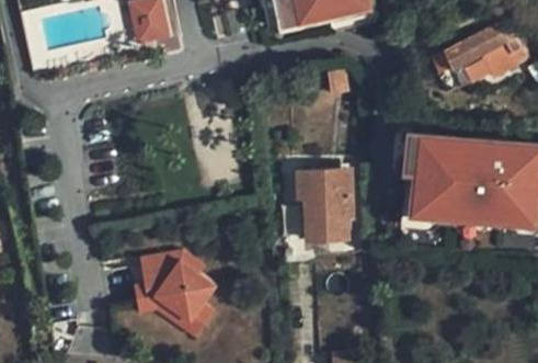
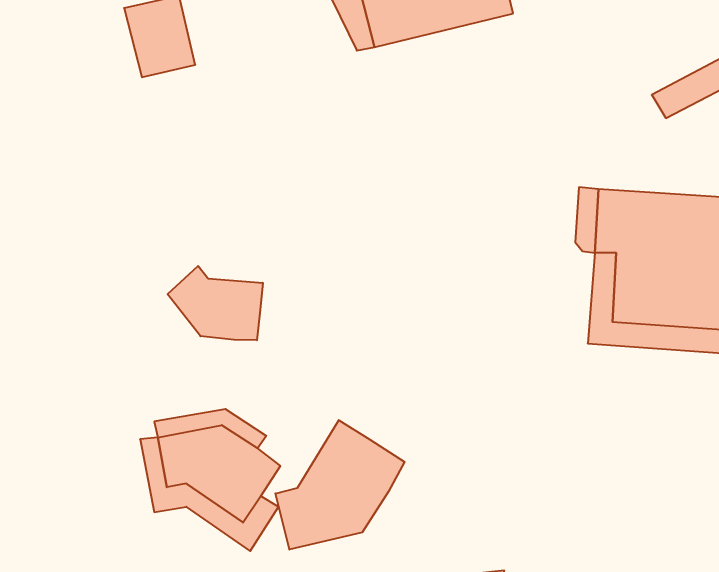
building: [299,150,363,246] -> none
building: none -> [168,266,263,340]
building: none -> [275,420,405,550]

